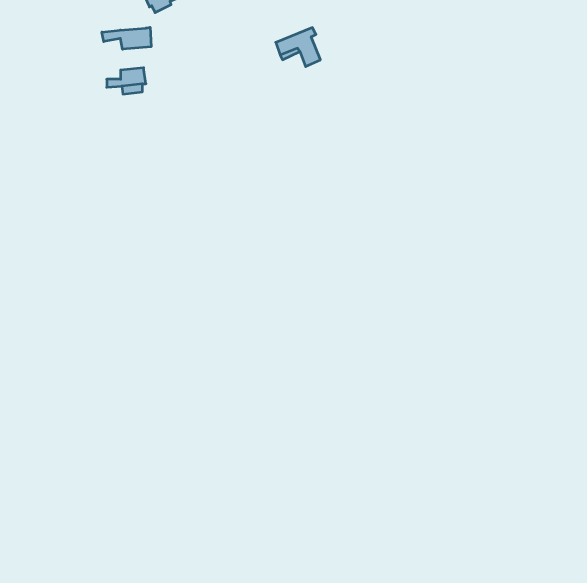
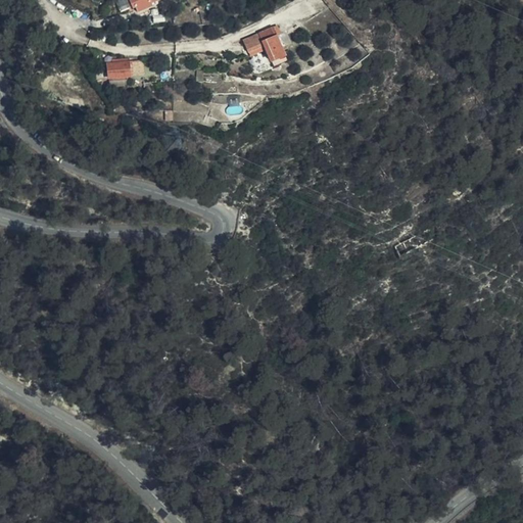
building: [102,27,151,49] -> none

